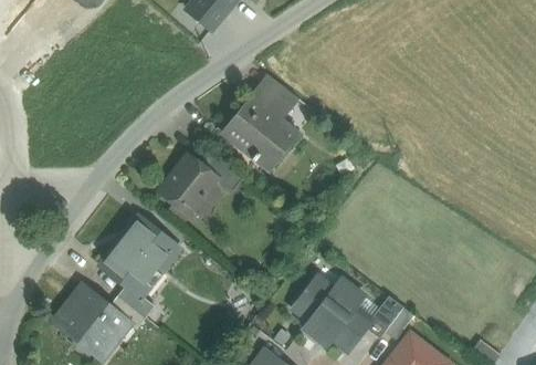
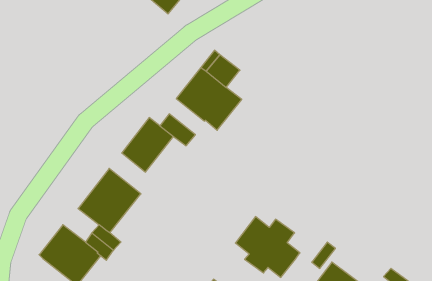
building: [366,295,404,338] -> none

